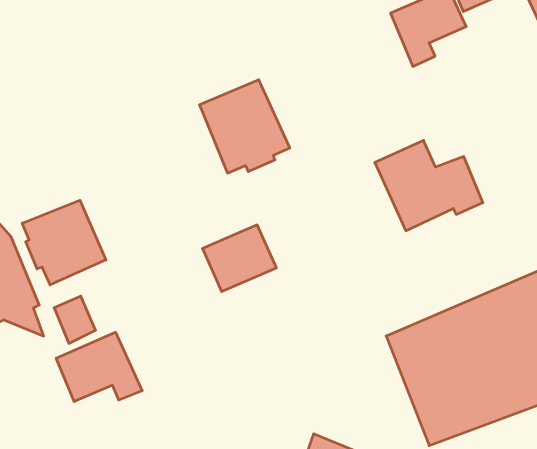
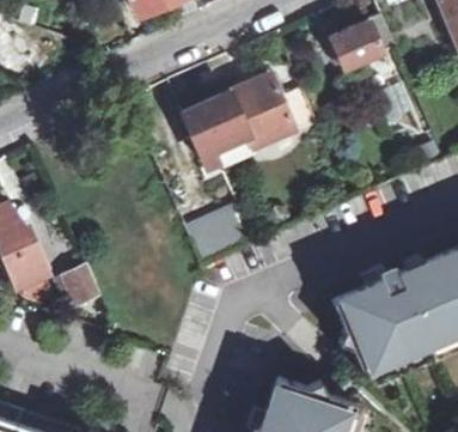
building: [375,140,483,231] -> [230,73,317,146]
building: [22,200,106,285] -> none
building: [56,332,142,402] -> none

